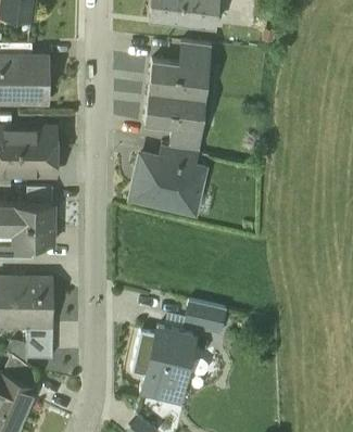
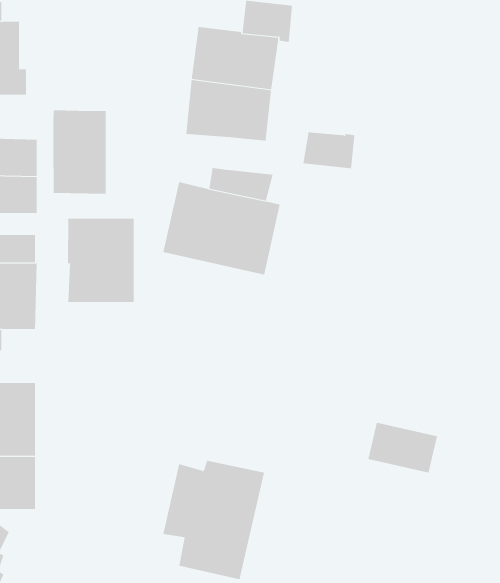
building: none -> [53,110,106,195]
building: [169,127,202,150] -> [302,132,355,169]
building: none -> [67,218,134,303]
building: [184,301,227,332] -> [367,422,438,473]

